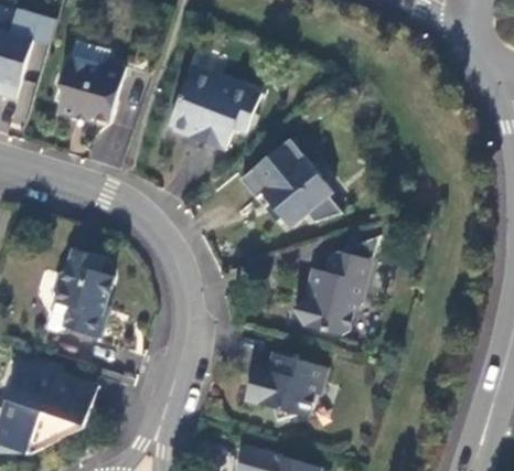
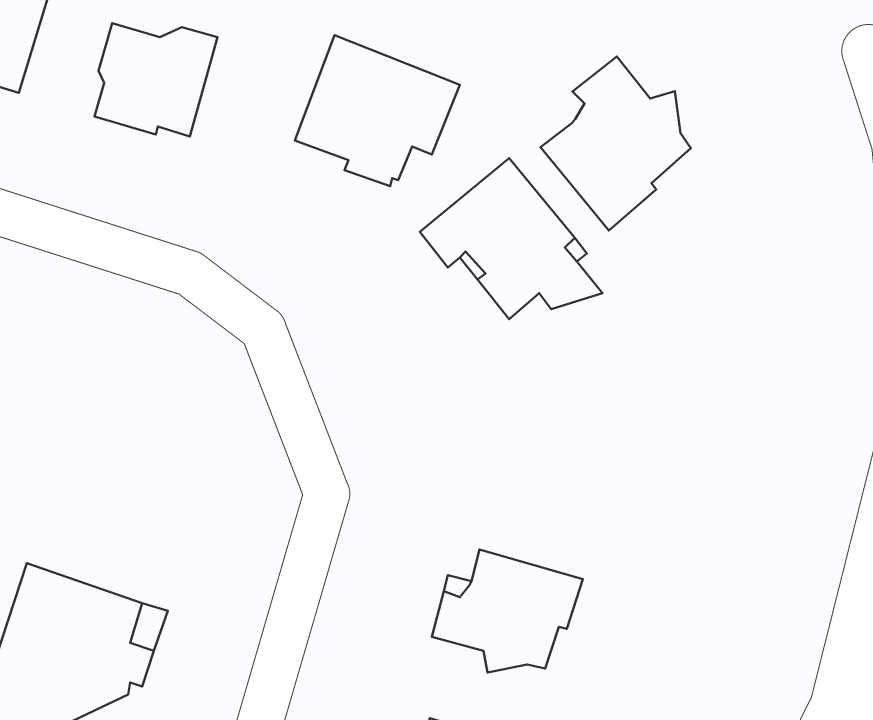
building: none -> [541,57,691,230]
building: [54,249,114,339] -> none
building: [293,251,373,335] -> none

